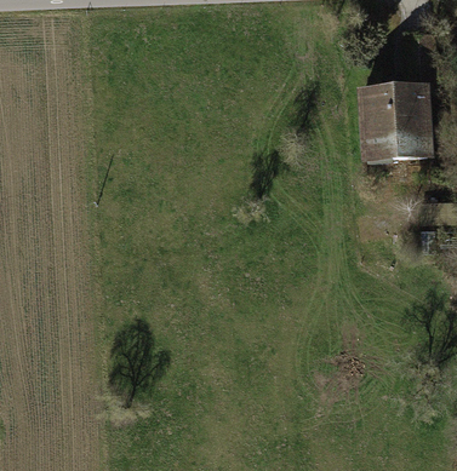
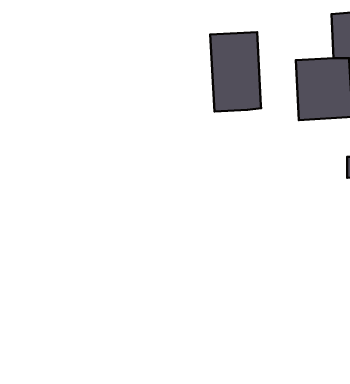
building: none -> [210,32,261,112]

